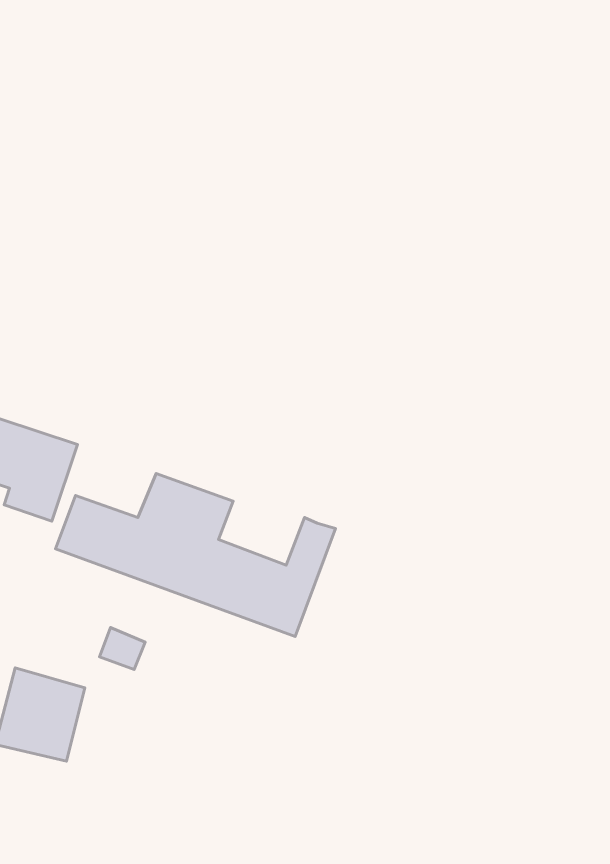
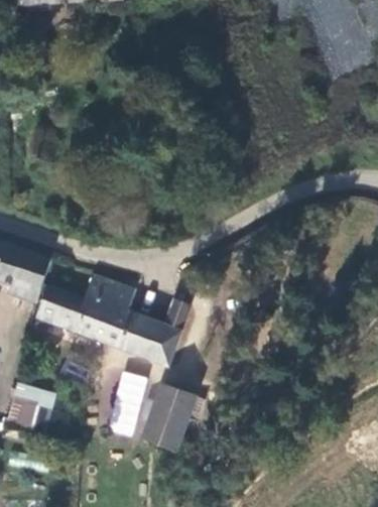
building: none -> [103,370,145,436]
building: none -> [145,384,197,446]

